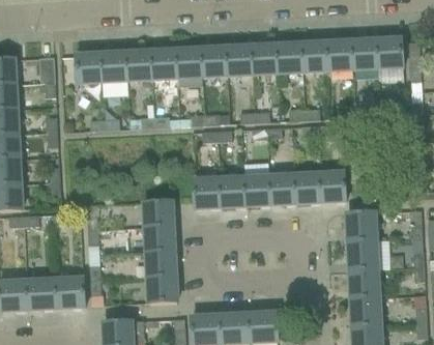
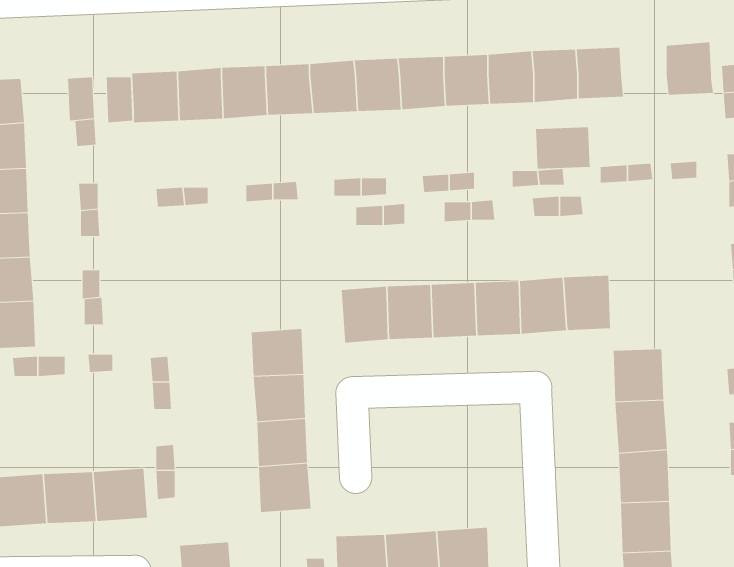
building: [351,39,378,68] -> none
building: none -> [535,126,590,170]

